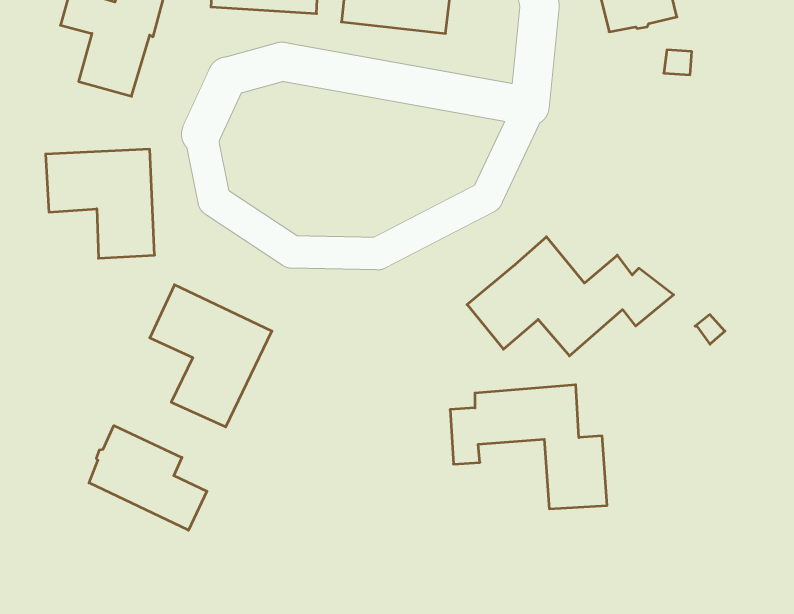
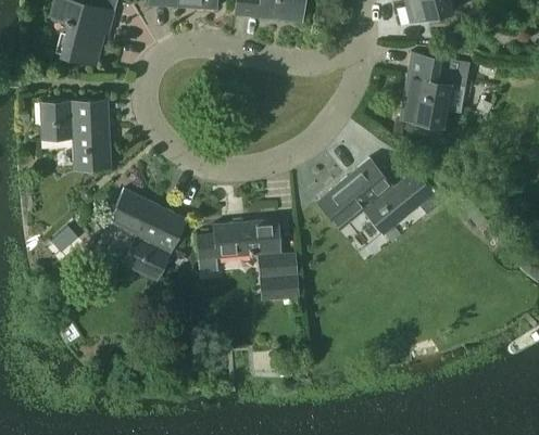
building: none -> [399,52,471,128]
building: [450,385,607,509] -> [197,219,300,300]
building: [89,426,207,530] -> none

